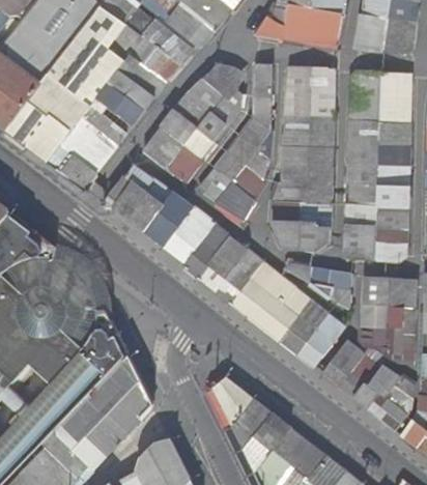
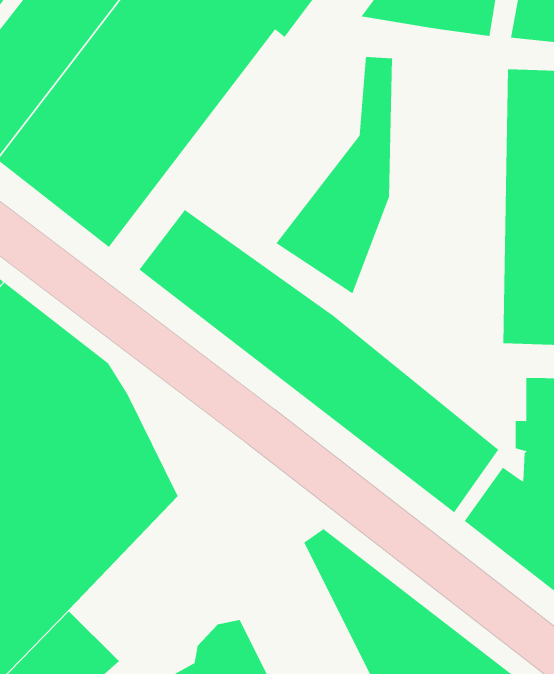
building: [143,62,251,181] -> none
building: [266,64,338,252] -> none
building: [285,262,353,307] -> none
building: [56,356,154,469] -> none

